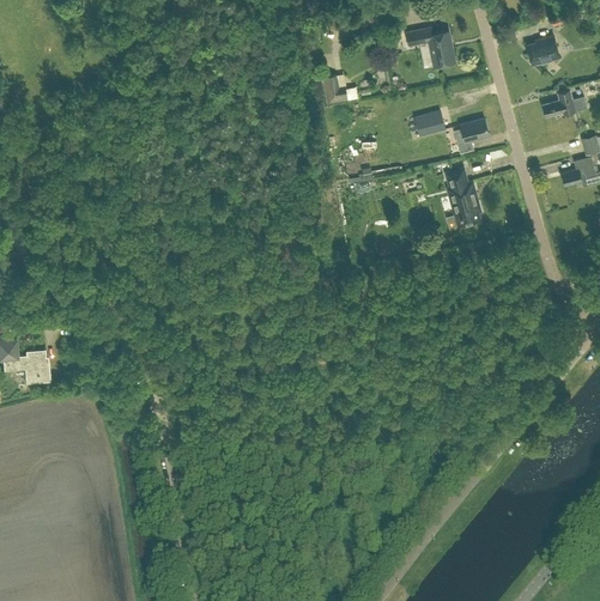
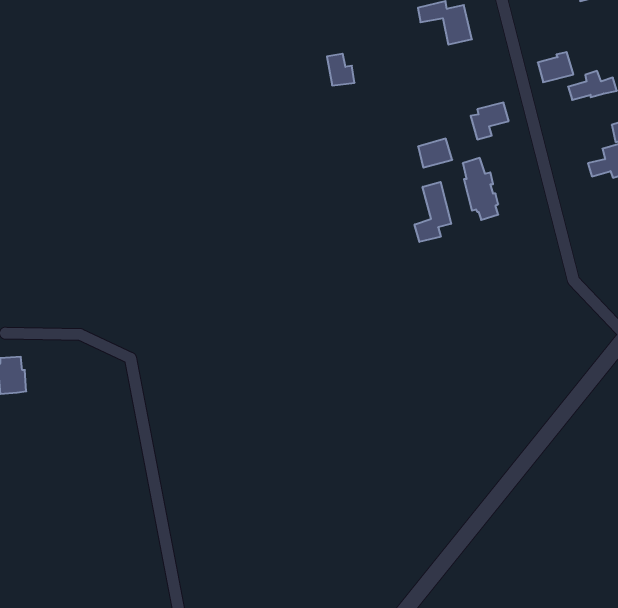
building: [527,36,559,63] -> [538,52,573,82]
building: [414,110,446,136] -> [418,139,452,168]
building: none -> [415,182,451,242]

